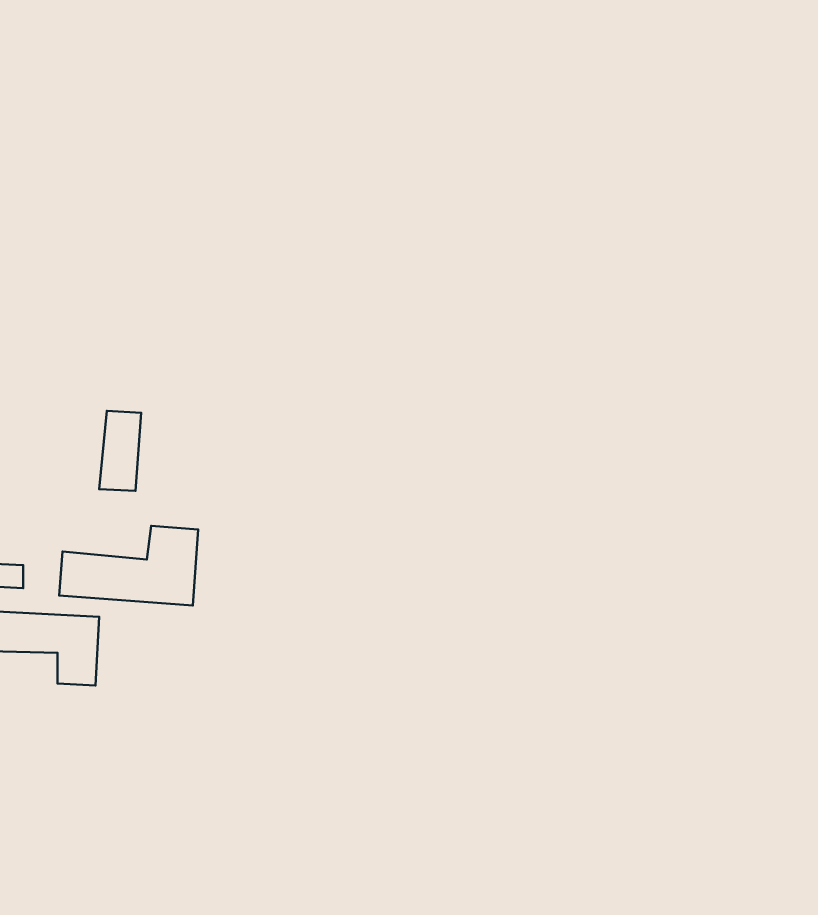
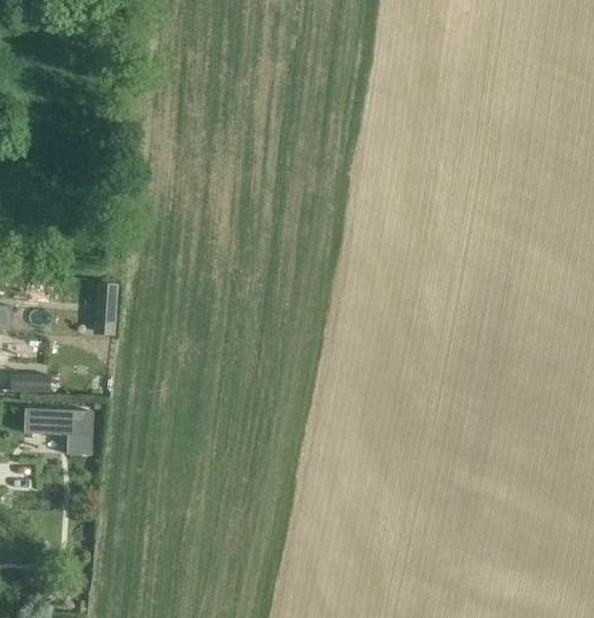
building: [59,526,198,605] -> none

